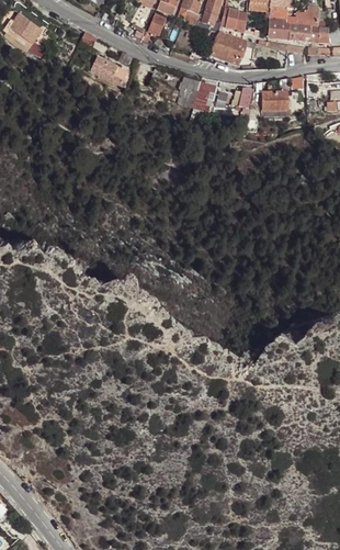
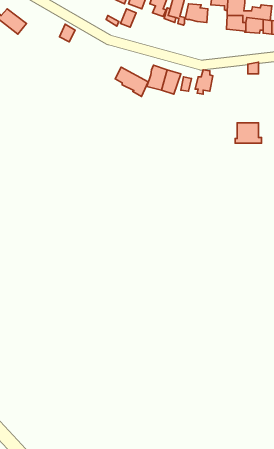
building: [212,31,247,67] -> none
building: [91,55,128,88] -> [115,67,148,96]
building: [261,91,291,114] -> [235,123,261,143]

